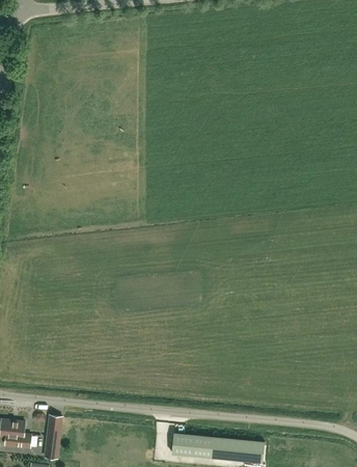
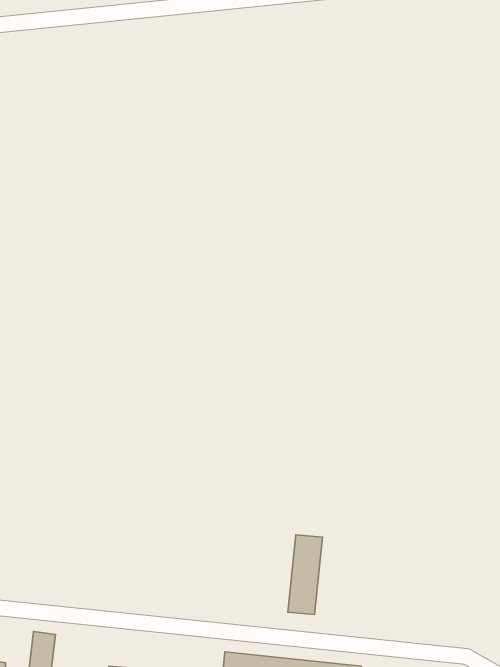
building: none -> [288,535,322,615]

